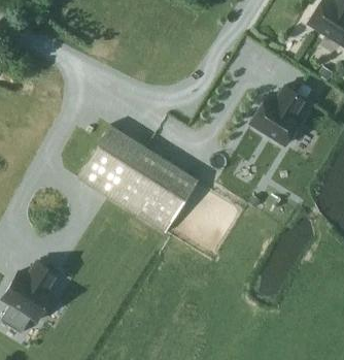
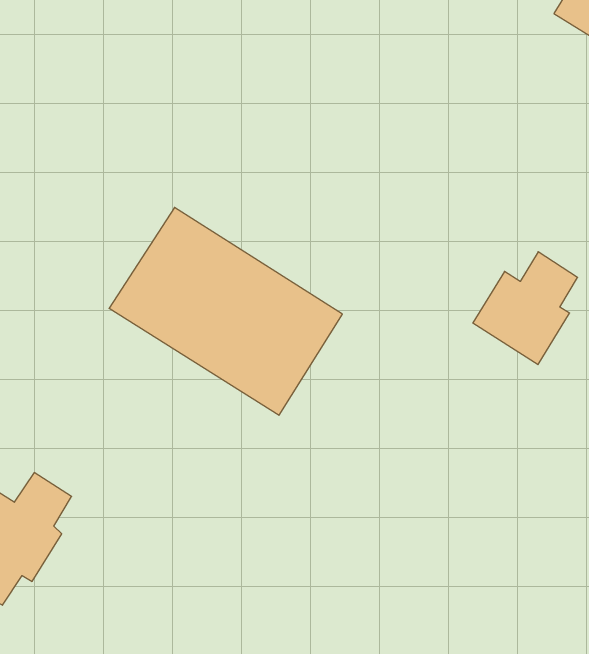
building: [250,87,305,145] -> [473,252,578,365]

